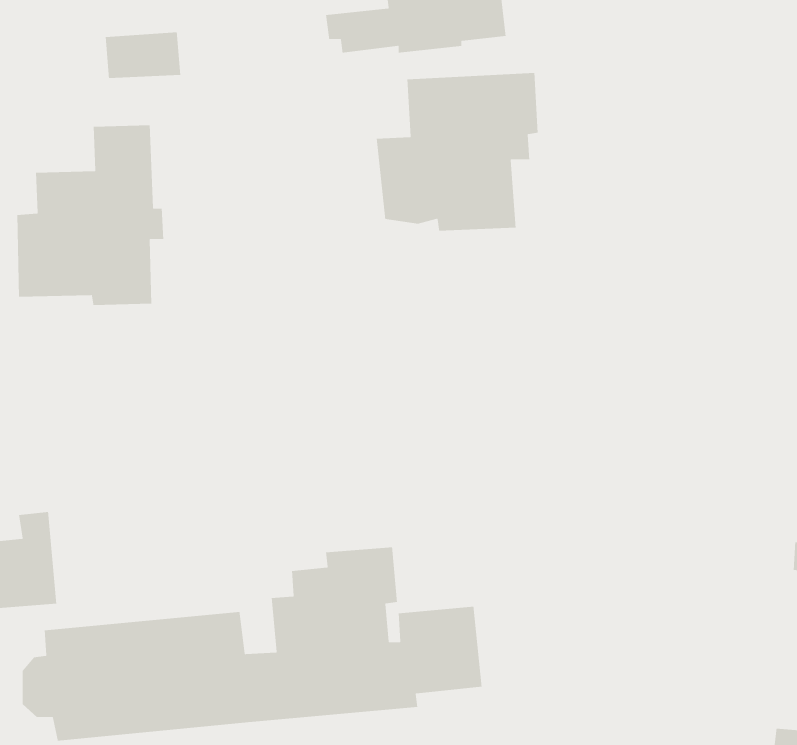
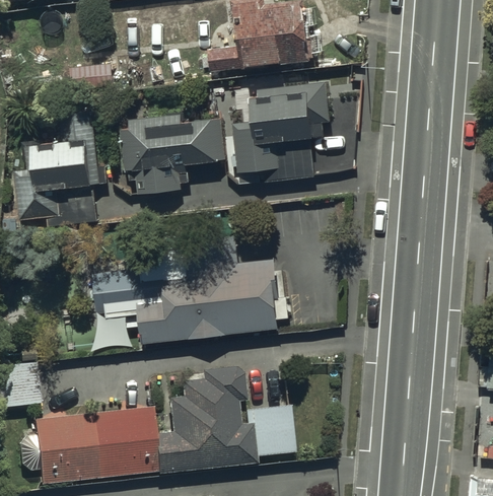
building: none -> [122,113,225,197]
building: none -> [93,252,288,345]

